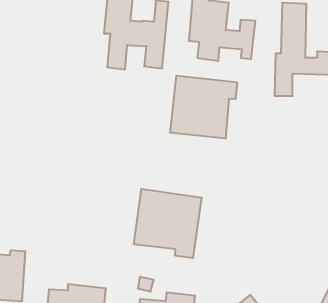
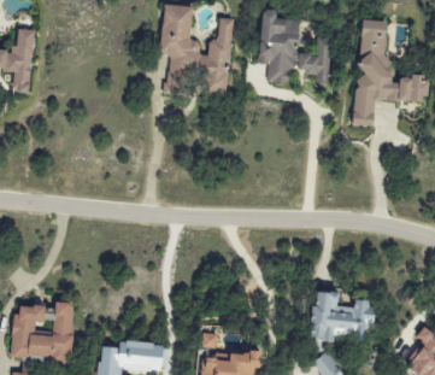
building: [170,76,237,139] -> none
building: [134,189,202,258] -> none
building: none -> [313,291,374,339]

